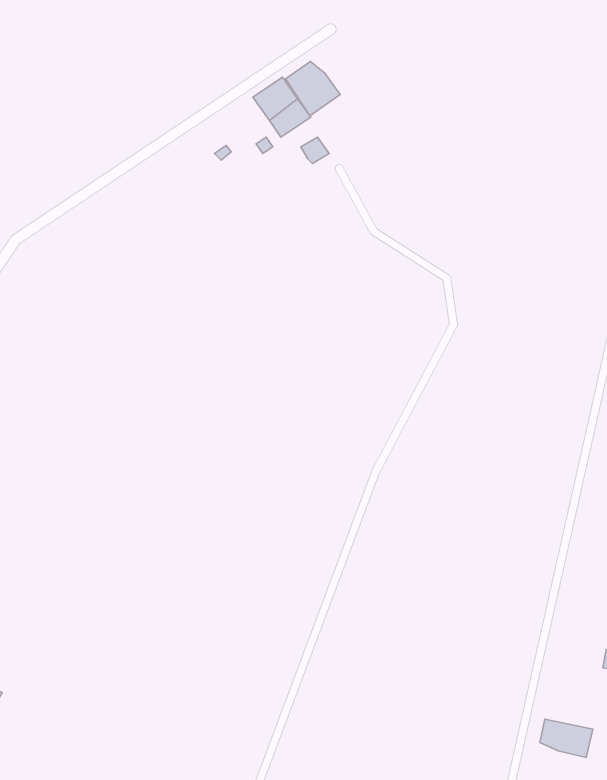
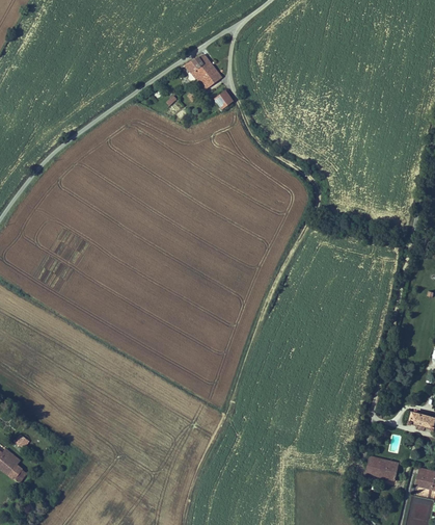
building: [285,61,340,116] -> none

